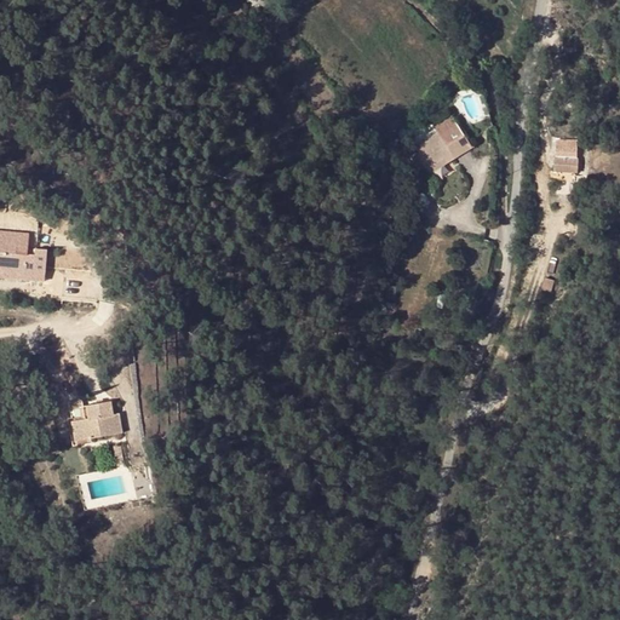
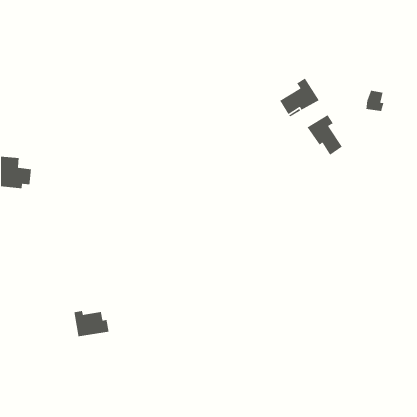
building: none -> [307,114,343,156]
building: [69,401,122,441] -> [74,310,110,337]

